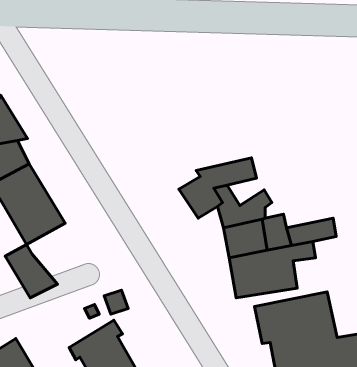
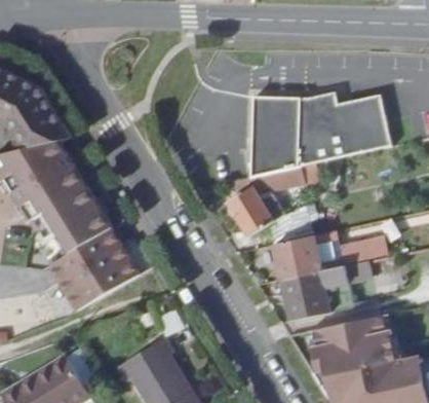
building: none -> [251,90,391,173]
building: none -> [73,236,142,301]

